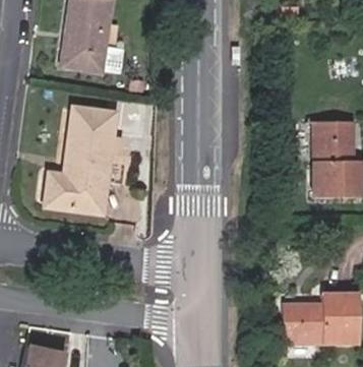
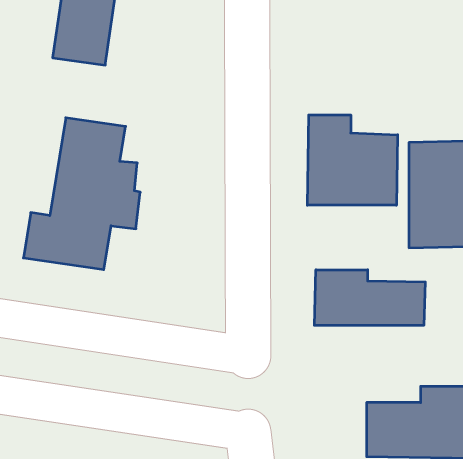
building: none -> [307,115,398,205]
building: none -> [314,270,425,325]

